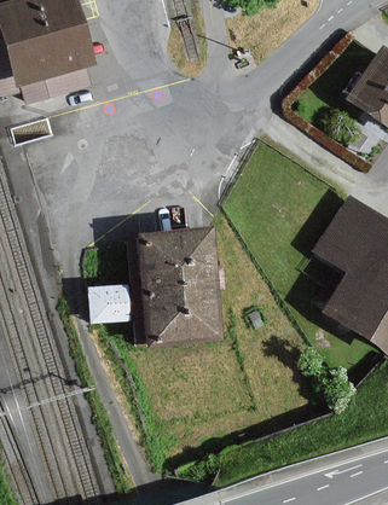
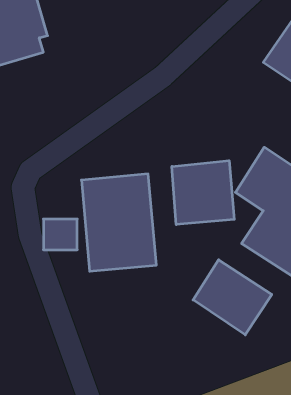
building: none -> [172,161,234,225]
building: none -> [193,260,272,335]

